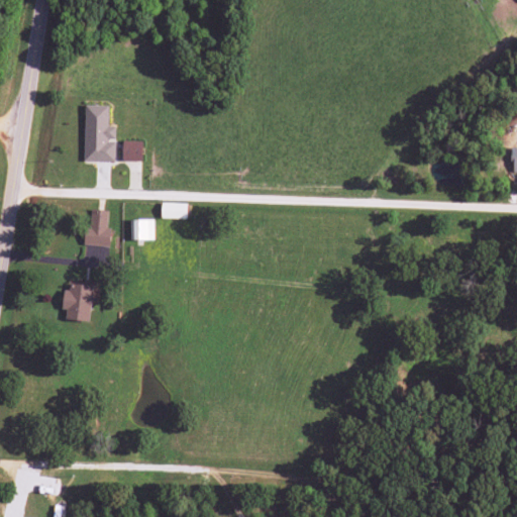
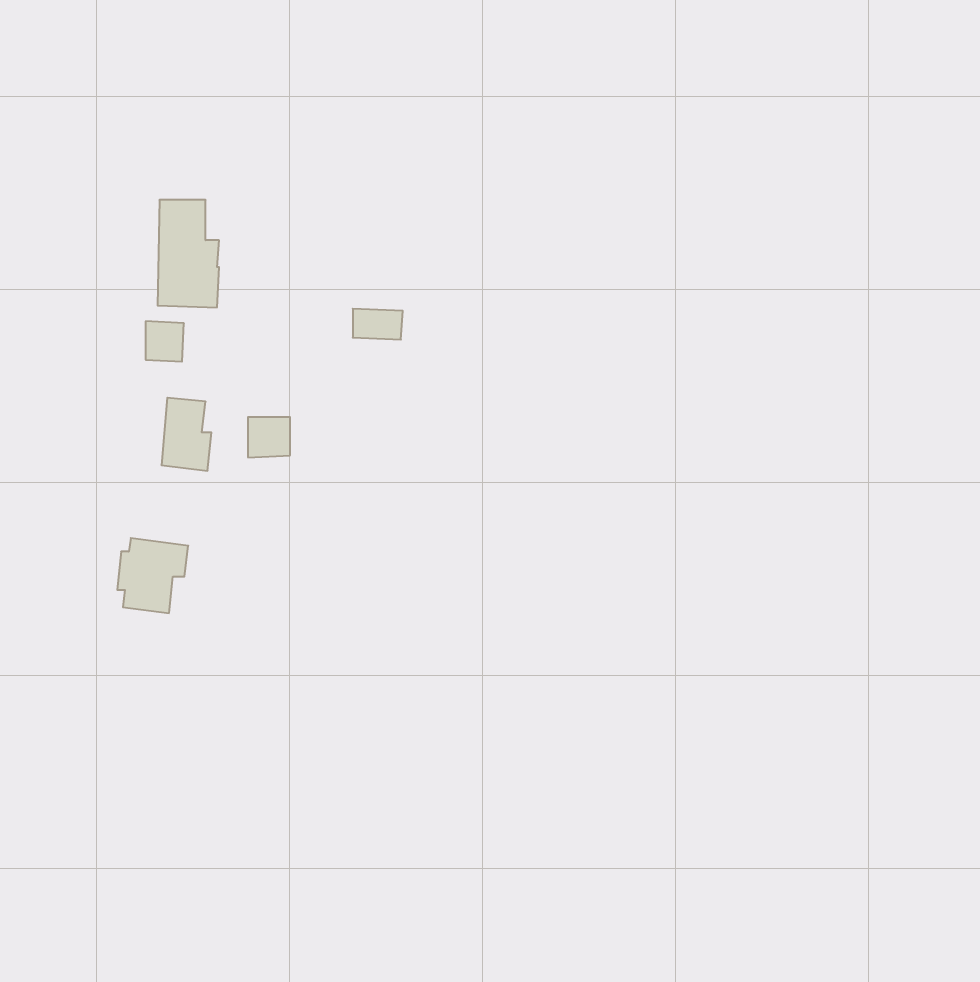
building: [123,140,143,162] -> [146,321,184,362]
building: [162,203,188,219] -> [353,309,403,340]

